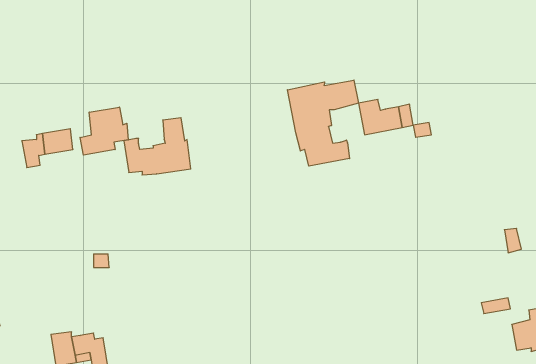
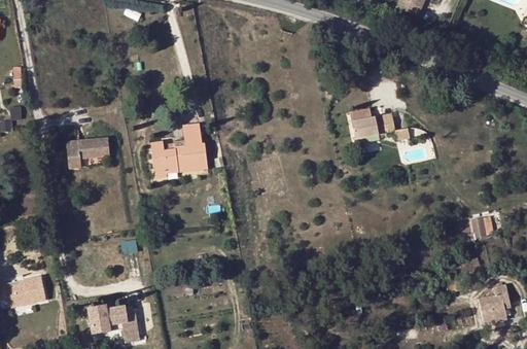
building: [287,80,359,166] -> none
building: [80,107,128,155] -> none

